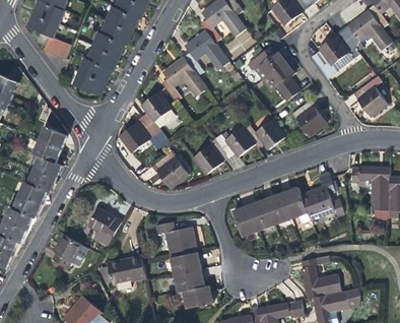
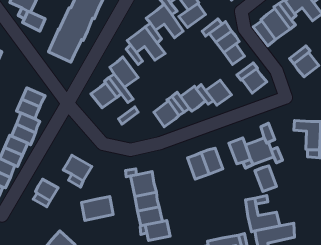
building: [158,156,188,186] -> none
building: [266,193,291,223] -> [255,166,276,192]

